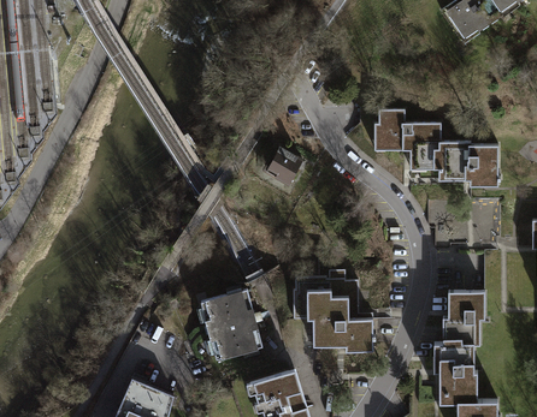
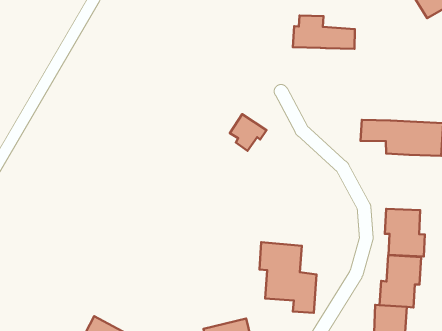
building: [373,112,441,148] -> [293,15,355,49]
building: none -> [385,209,425,257]
building: [201,285,264,358] -> none

